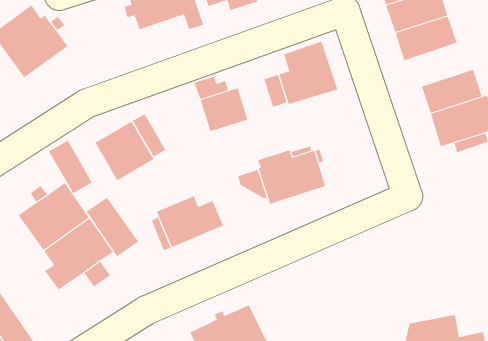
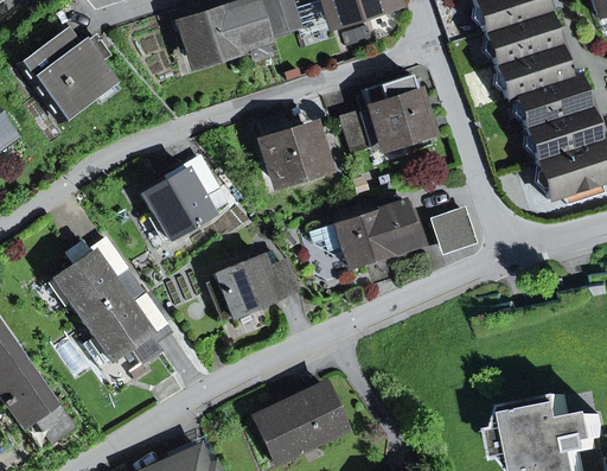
building: none -> [516,75,588,128]
building: [48,140,93,194] -> none
building: none -> [433,209,475,254]
building: [86,197,139,257] -> none

